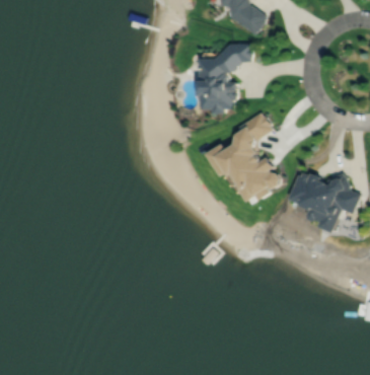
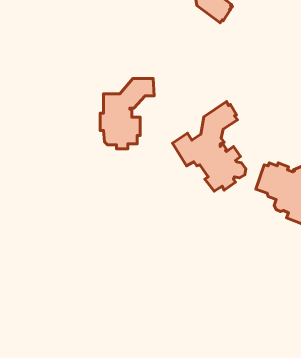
building: [197,44,250,114] -> [100,78,154,149]

